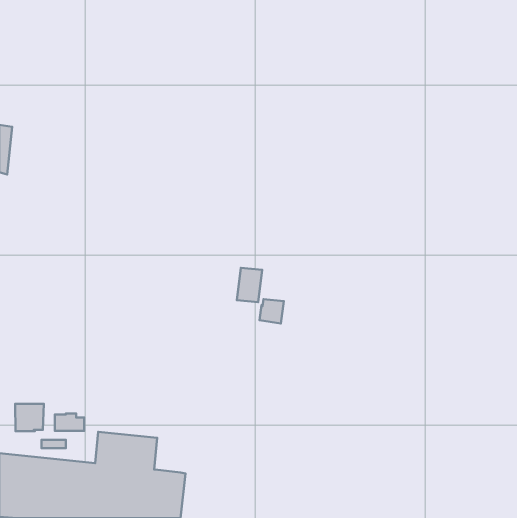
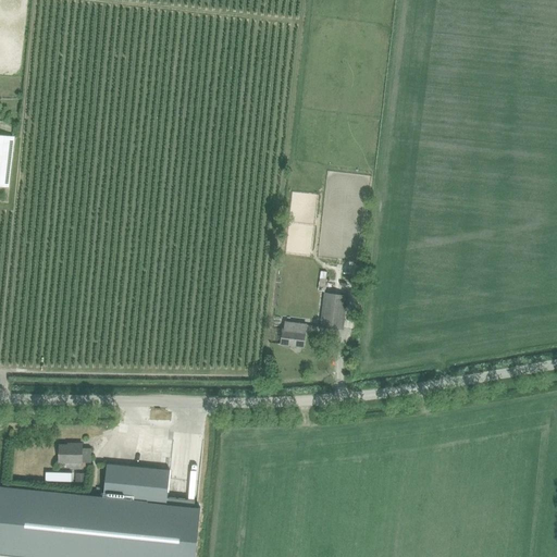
building: [237,268,262,302] -> [318,292,345,329]
building: [15,404,44,431] -> none

